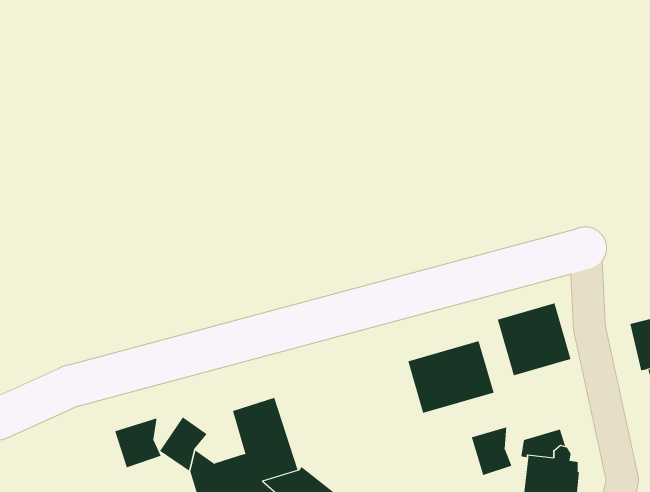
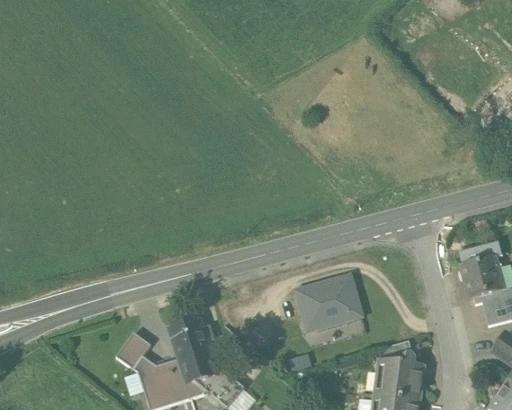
building: [497,303,571,376] -> none
building: [115,418,162,468] -> none
building: [471,426,512,476] -> none

